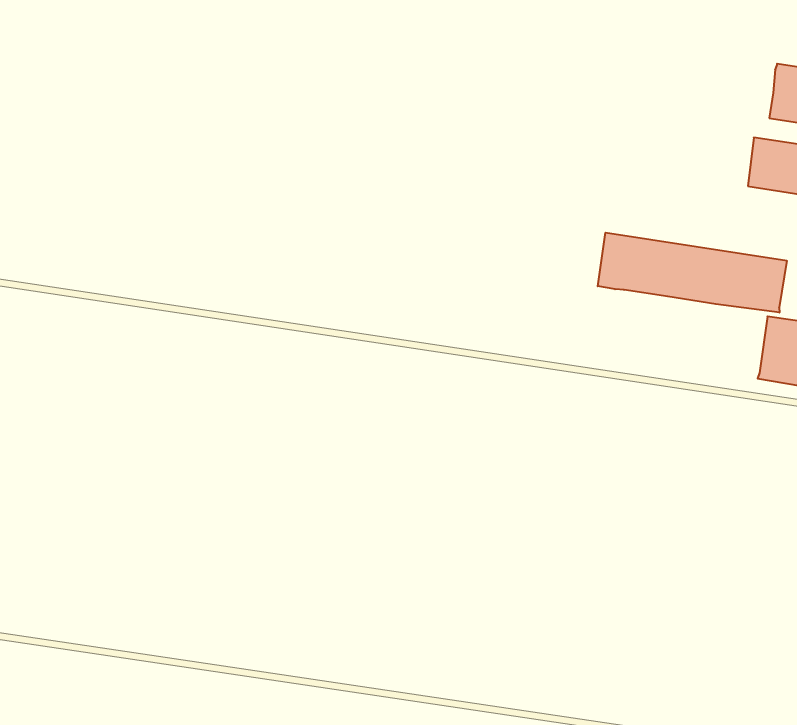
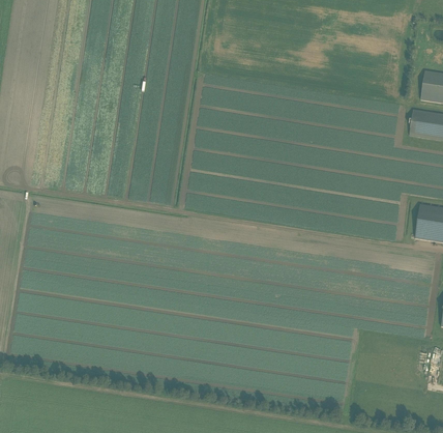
building: [598,233,787,313] -> none

